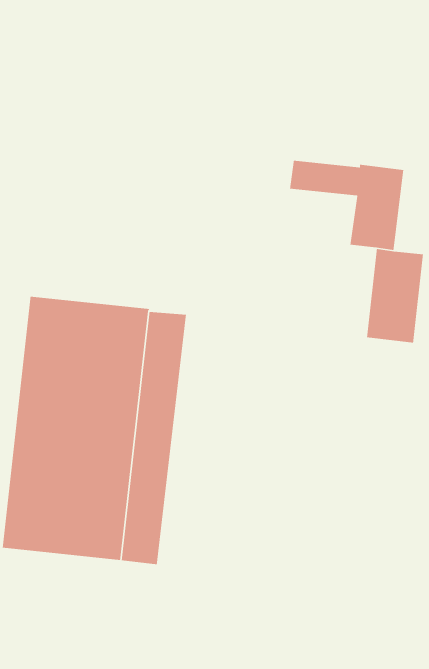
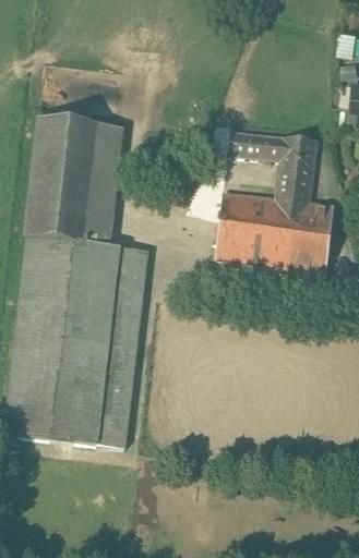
building: none -> [26,118,121,246]
building: none -> [216,193,296,270]

